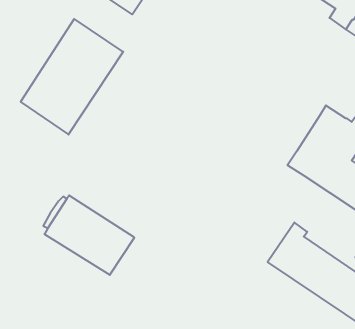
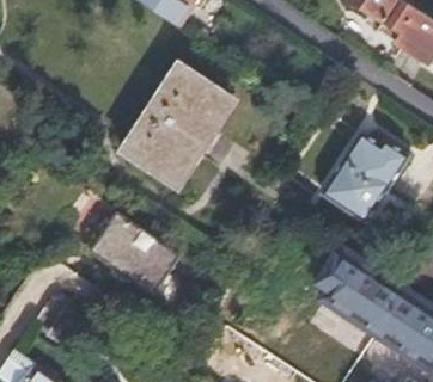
building: [21,19,123,135] -> [124,68,230,186]

